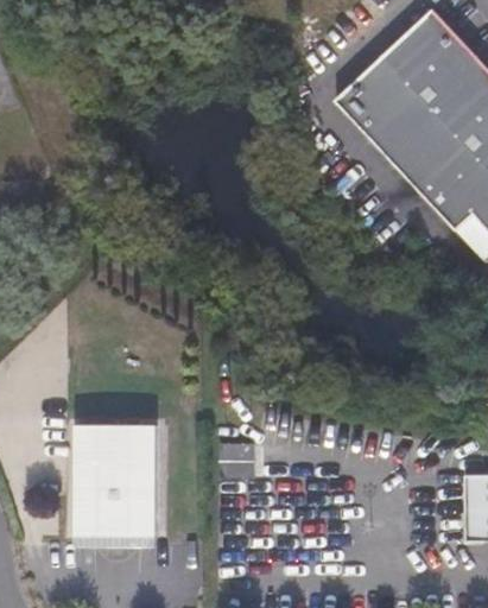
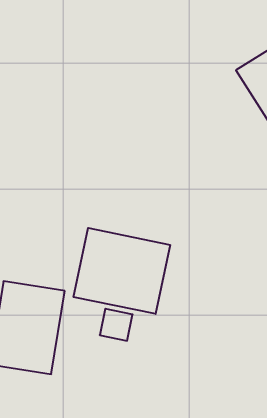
building: none -> [74,228,170,314]

